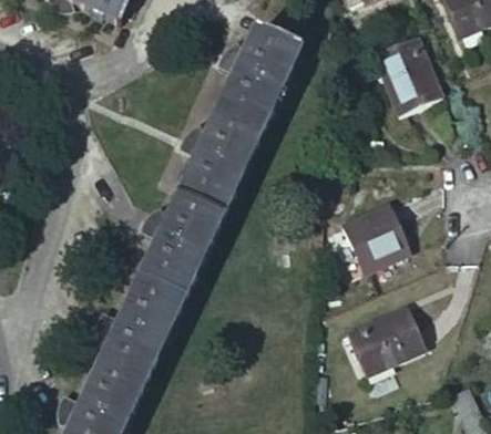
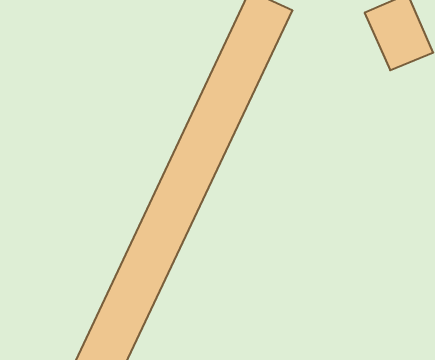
building: [341,199,411,268] -> none
building: [348,301,426,371] -> none

